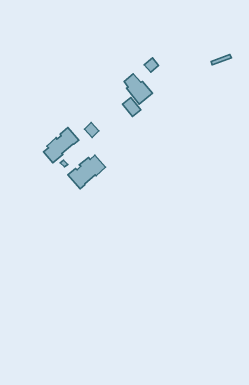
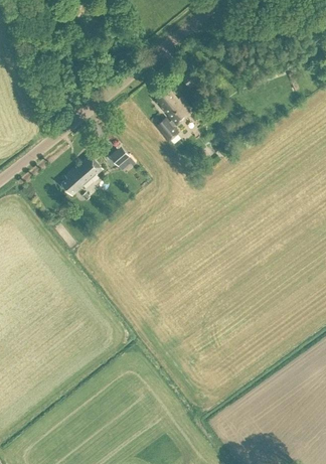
building: [68,155,105,189] -> none

